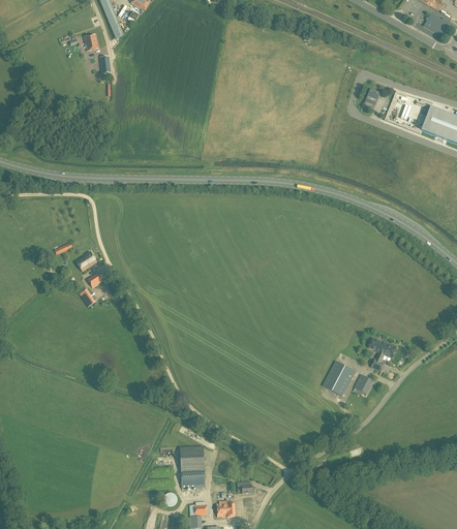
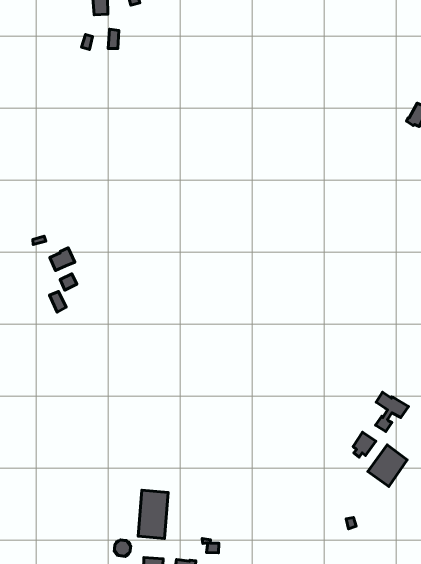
building: [323,360,355,395] -> [368,445,407,487]

